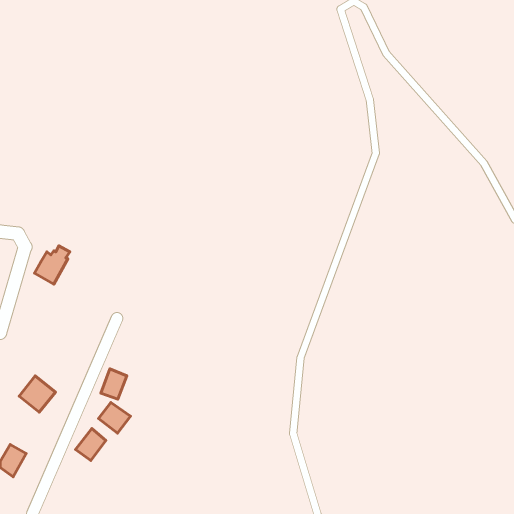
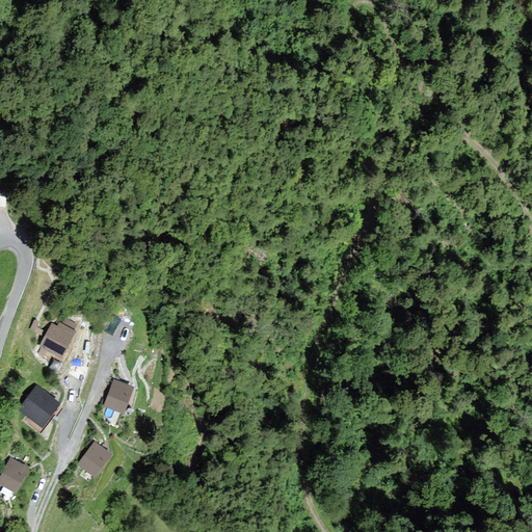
building: [35,246,70,284] -> [41,318,77,357]
building: [99,403,130,433] -> none

